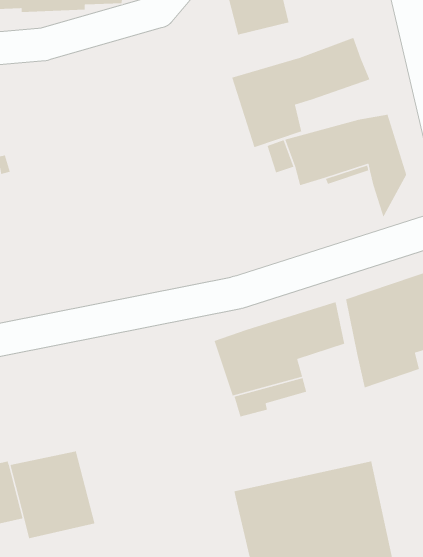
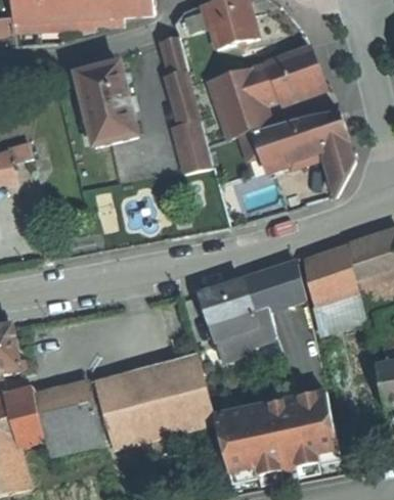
building: none -> [160,35,213,171]
building: none -> [77,61,138,144]
building: none -> [92,355,214,450]

